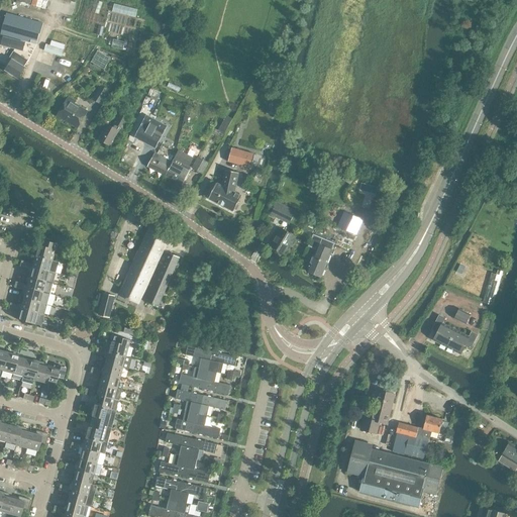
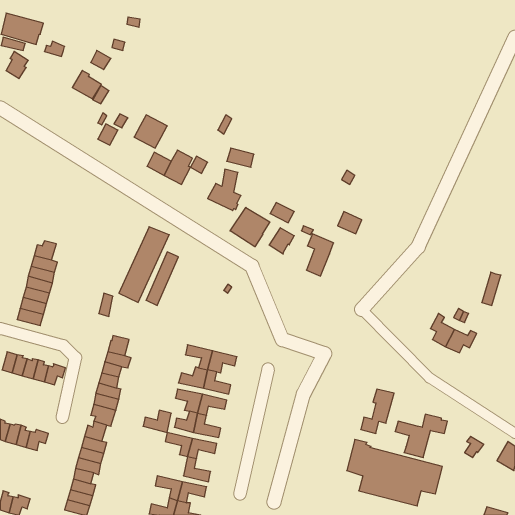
building: [58,98,87,126] -> [72,70,101,99]
building: none -> [230,207,270,247]
building: [160,454,188,477] -> [143,410,171,432]

